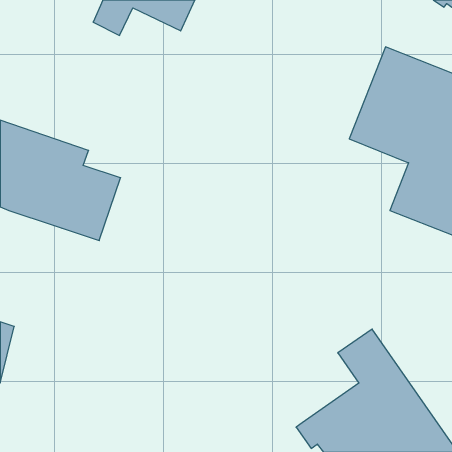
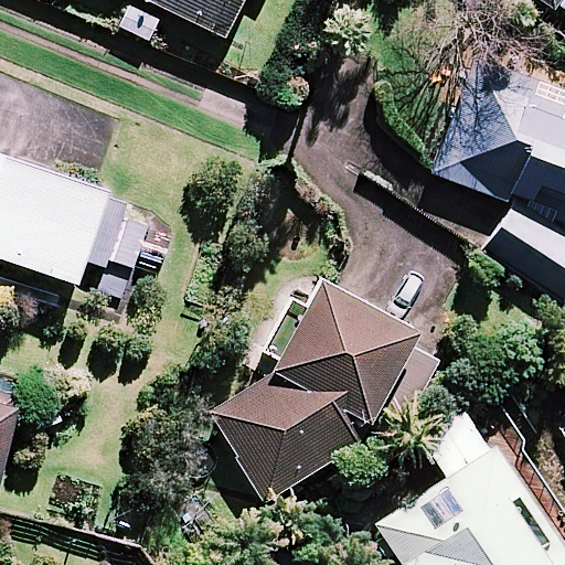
building: none -> [207,282,418,501]

